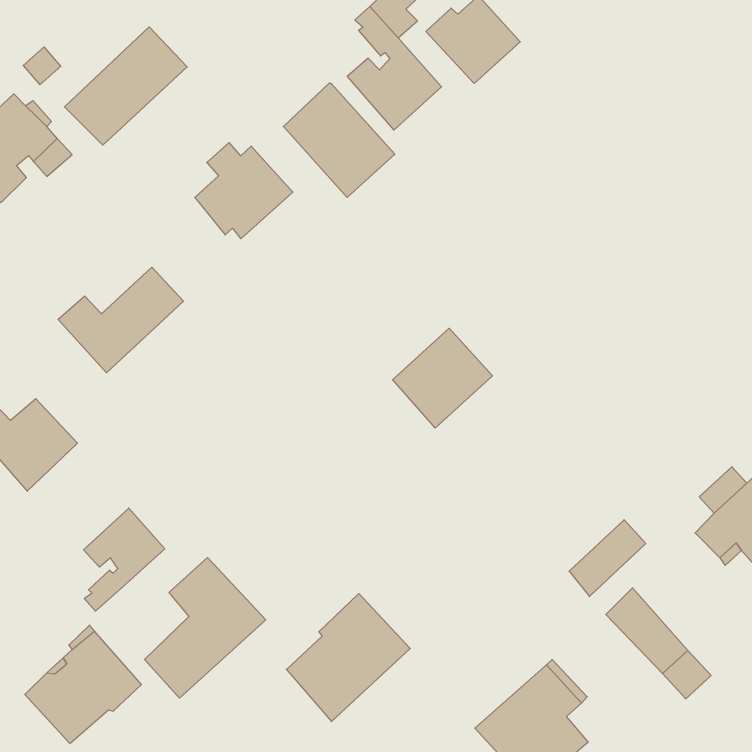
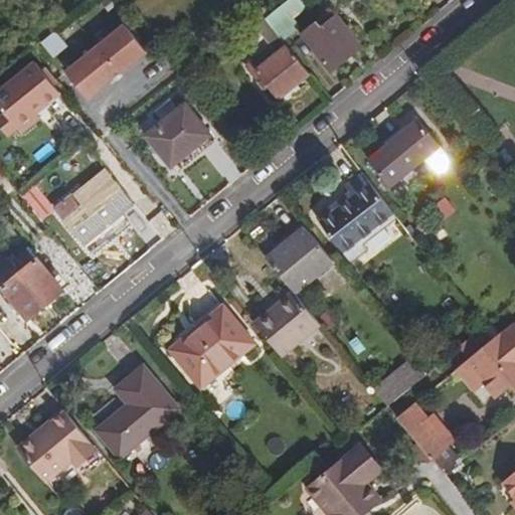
building: [283,83,395,197] -> none
building: none -> [368,121,438,186]
building: none -> [316,173,394,263]
building: none -> [252,292,321,357]
building: [84,508,165,611] -> none
building: [286,594,410,722] -> [172,307,252,388]

